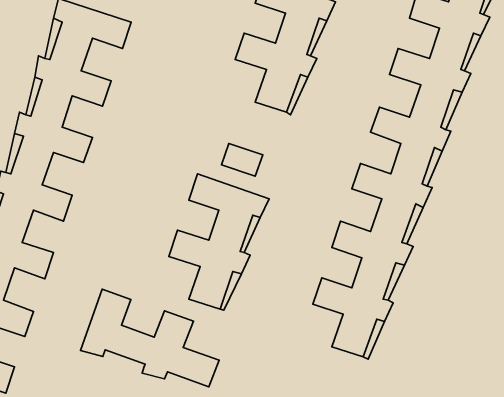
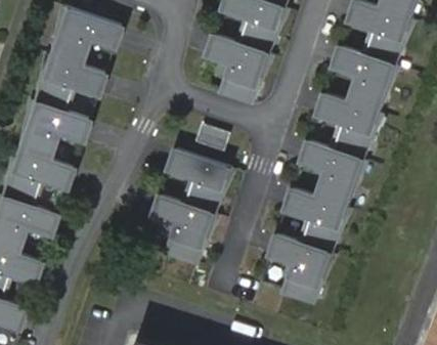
building: [81,289,219,387] -> none

